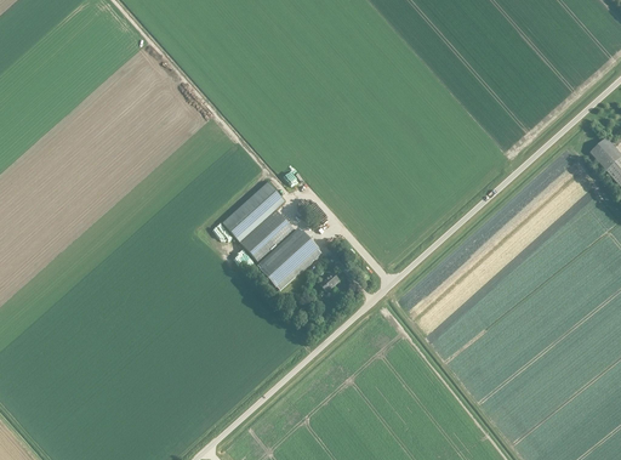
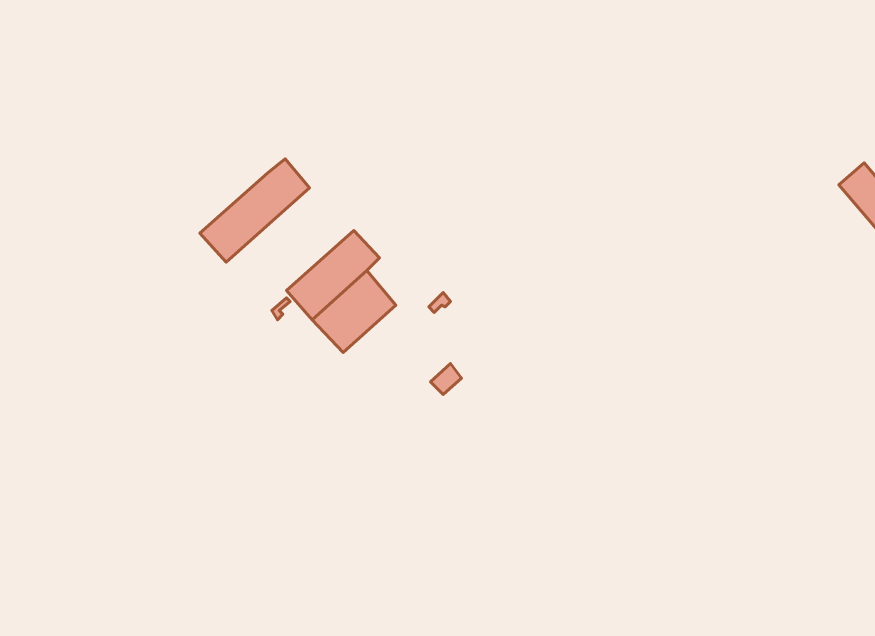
building: none -> [200,159,310,262]
building: [258,228,319,288] -> none

